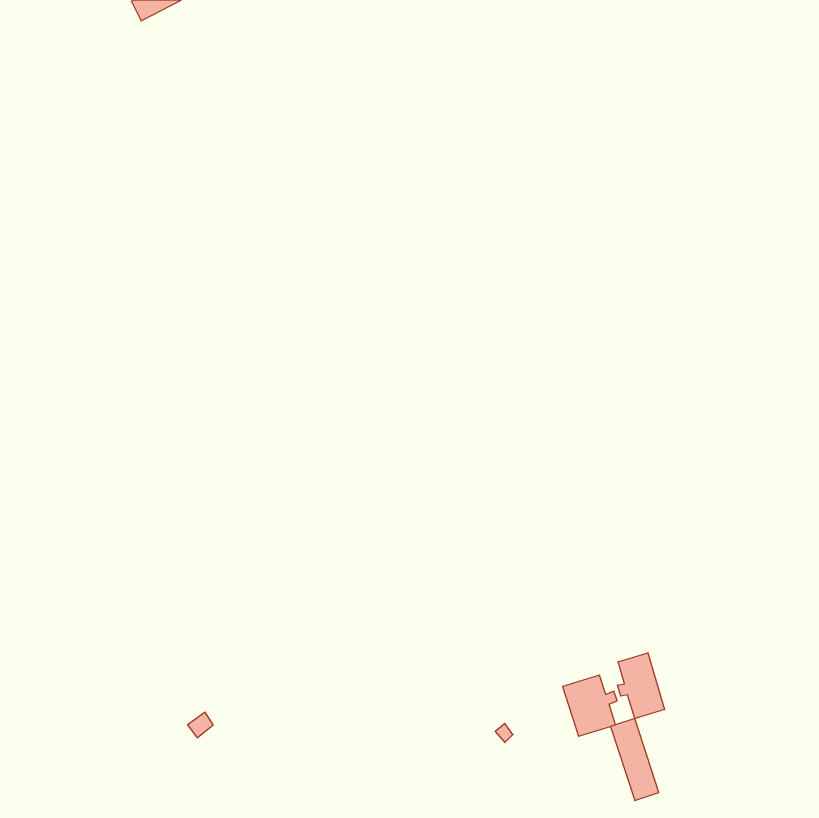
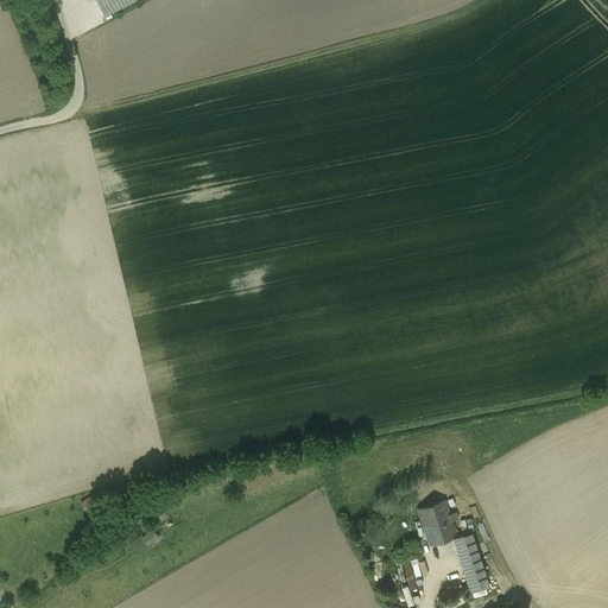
building: [618,653,664,719] -> none

